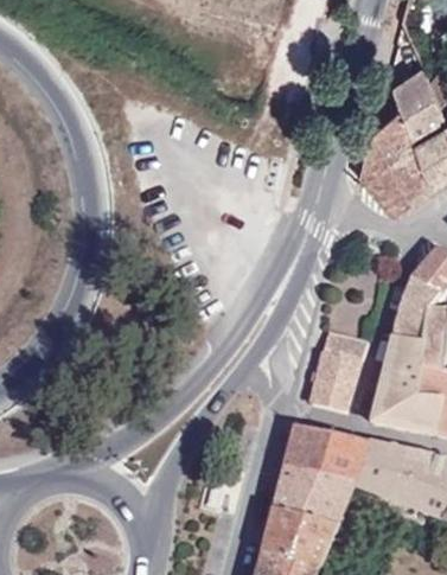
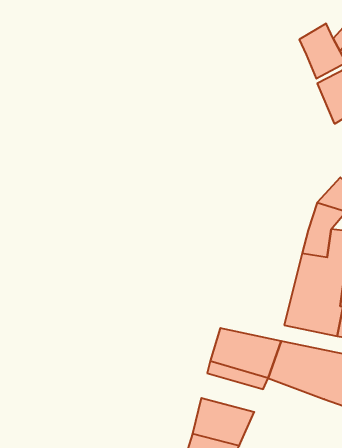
building: [362,101,432,213] -> none
building: [309,331,366,411] -> none
building: [274,479,347,525] -> none

